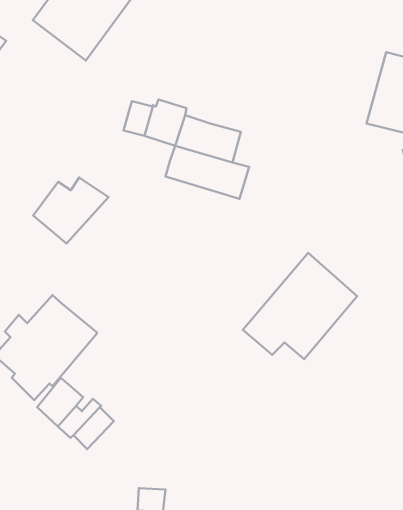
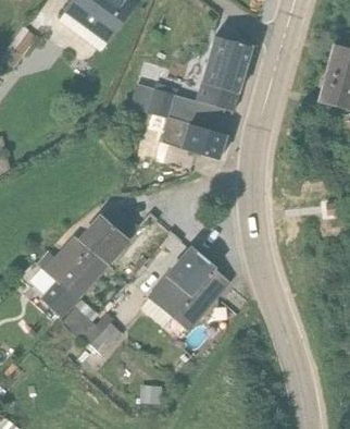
building: none -> [197,35,252,111]
building: [33,178,109,243] -> [82,211,140,262]
building: [243,253,357,359] -> [140,247,229,330]

